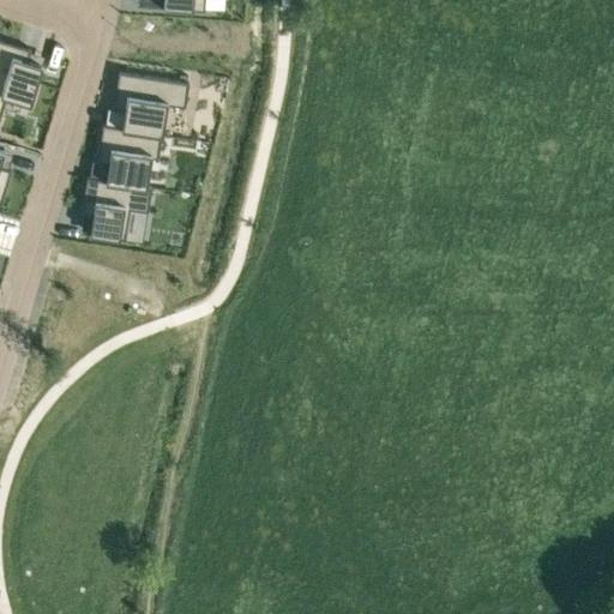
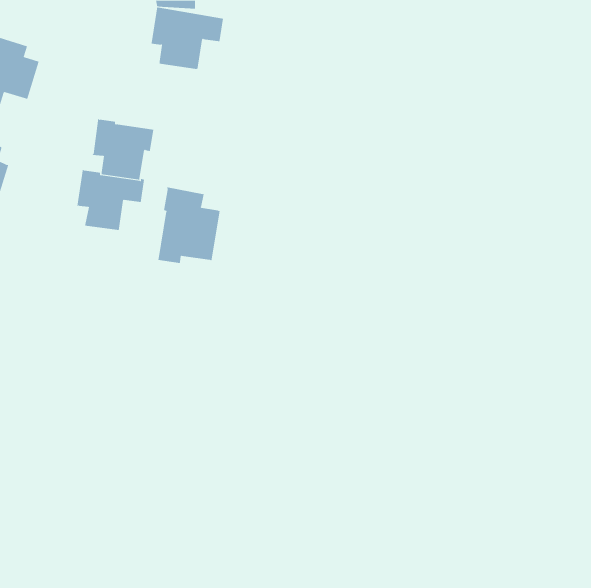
building: [112,73,187,138] -> [151,7,224,69]
building: none -> [158,187,220,264]

